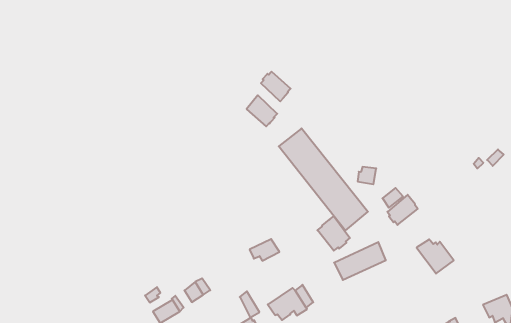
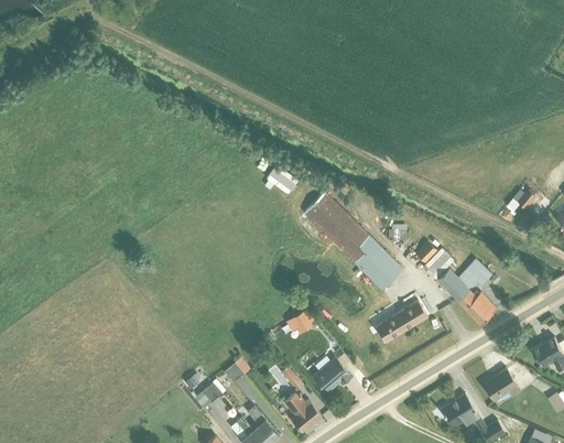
building: [261,72,291,101] -> none
building: none -> [437,258,491,300]
building: [317,216,350,251] -> none

